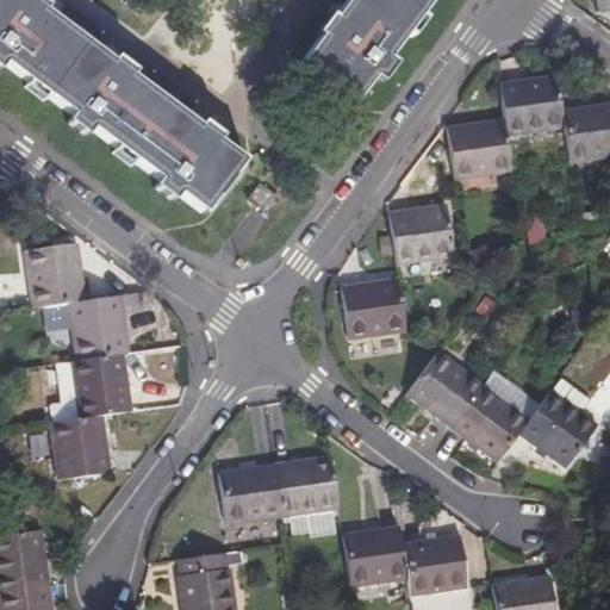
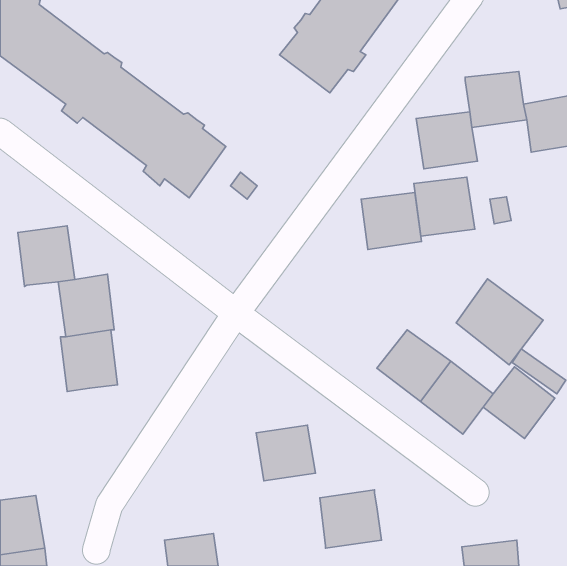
building: none -> [414,177,475,236]
building: [340,279,406,340] -> none
building: none -> [456,279,543,365]
building: [48,413,107,479] -> none
building: [220,461,286,522] -> none
building: [406,531,471,593] -> none

